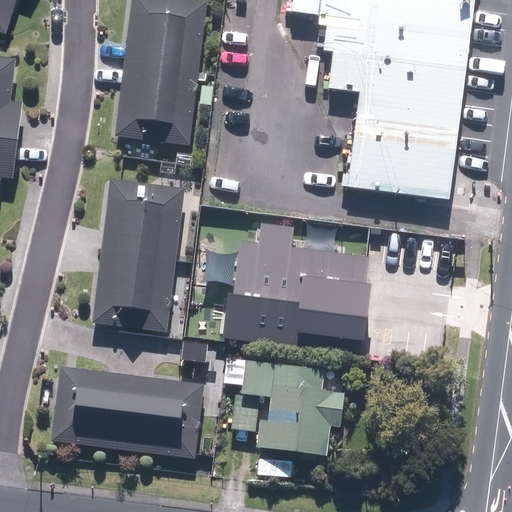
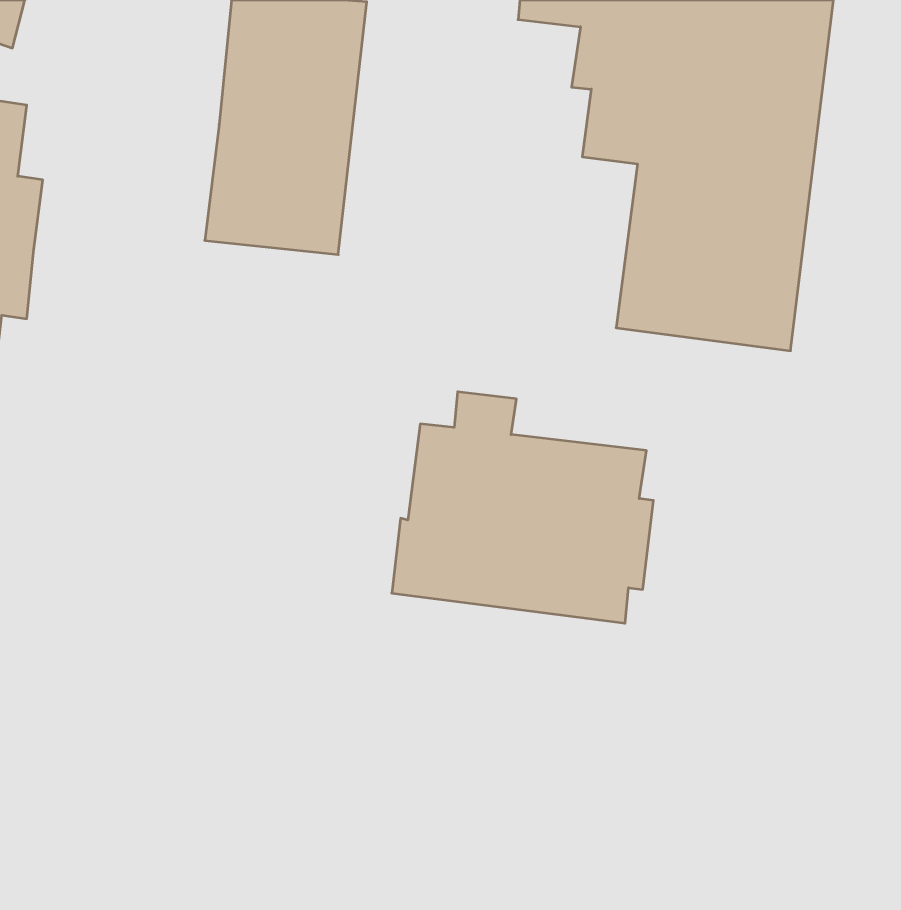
building: [92,181,187,332] -> none
building: [222,357,344,454] -> none
building: [51,366,205,455] -> none

